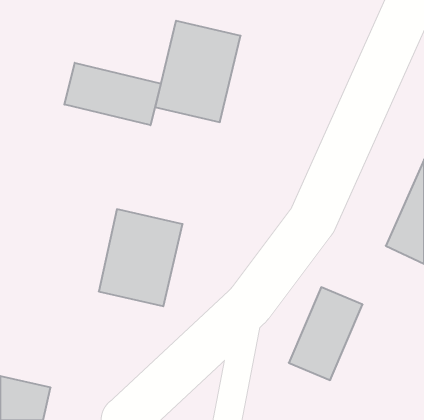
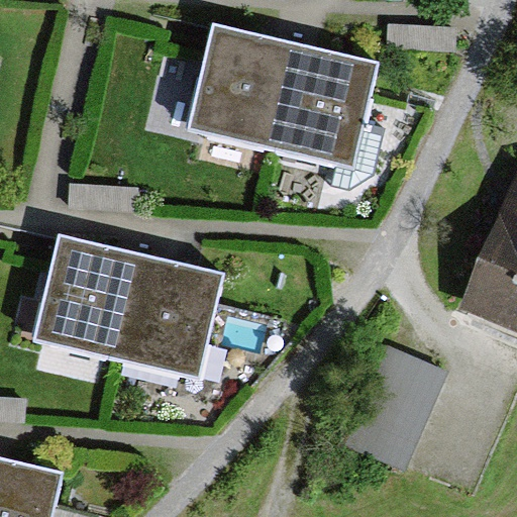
building: none -> [268,43,379,168]
building: [64,63,161,125] -> none
building: none -> [40,236,142,354]

